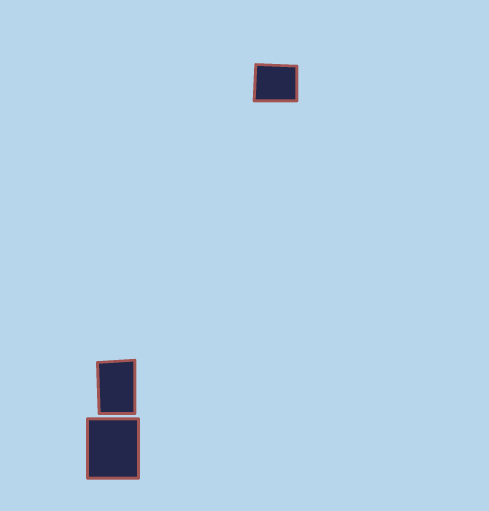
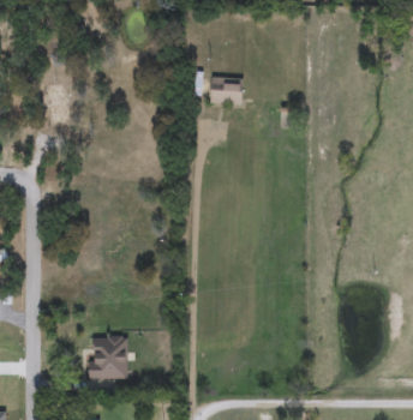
building: [97,360,135,413] -> none

